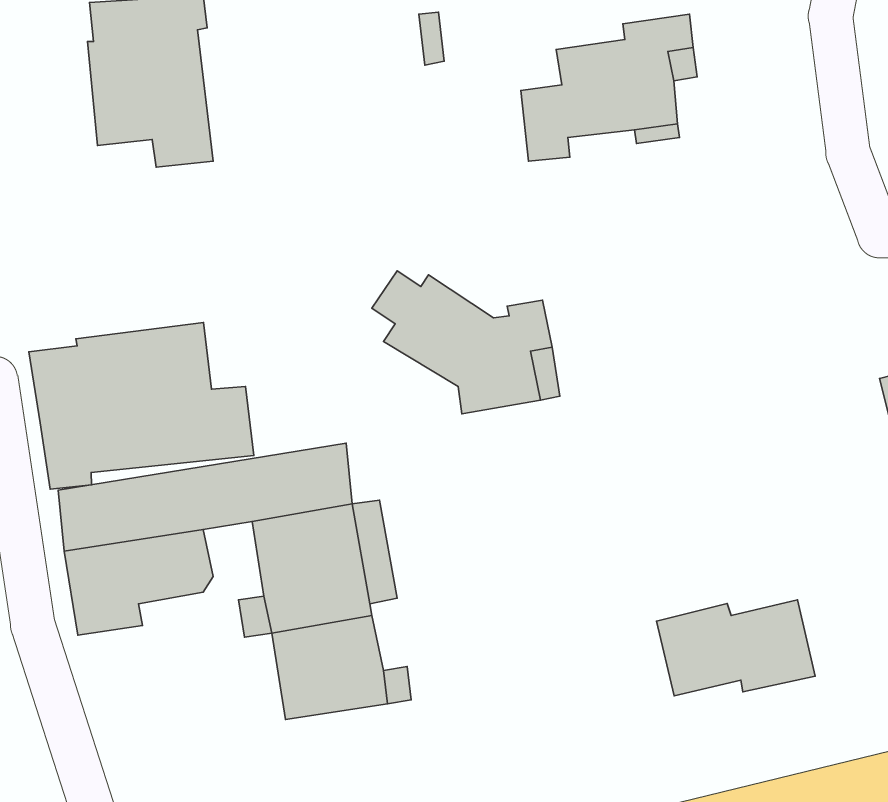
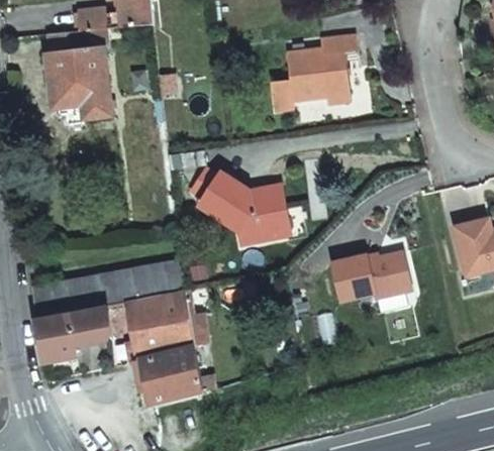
building: [29,322,254,489] -> none
building: [657,600,815,696] -> [332,251,414,301]

